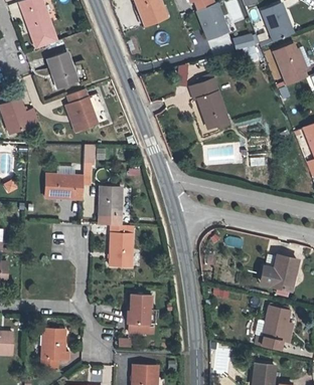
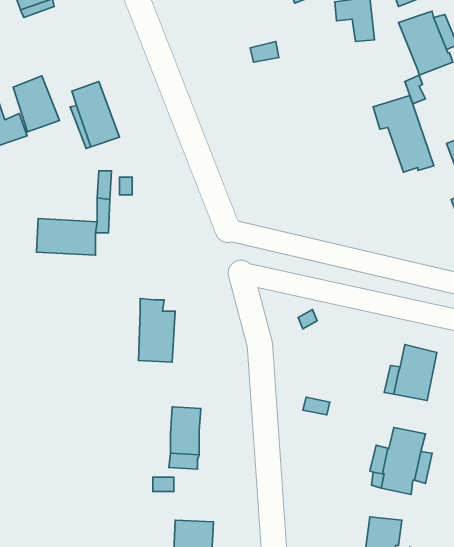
building: [48,52,77,87] -> [13,76,60,132]
building: [190,79,228,128] -> [373,96,434,172]
building: [99,187,121,226] -> none
building: [42,329,69,360] -> none

